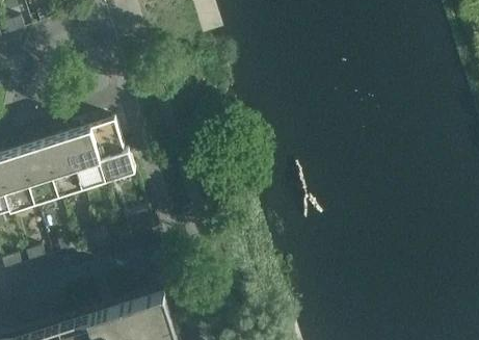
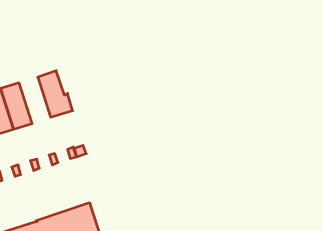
building: [66,130,107,189] -> none

